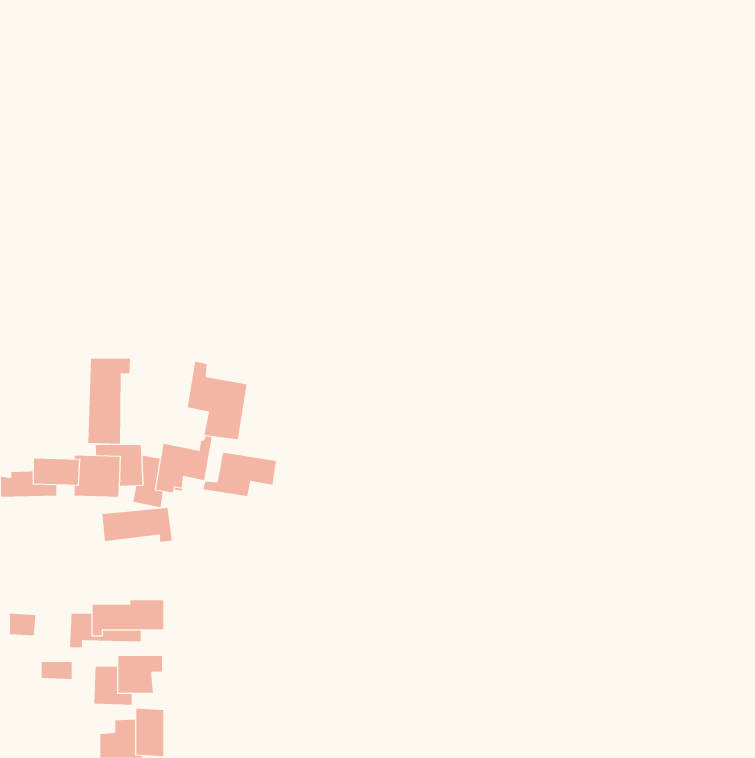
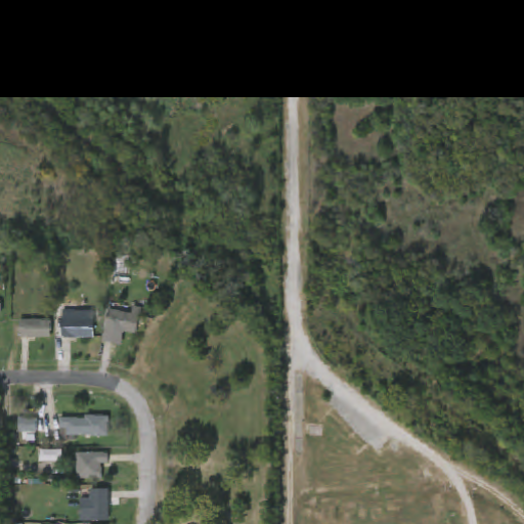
building: [88,358,130,445] -> none
building: [187,361,247,440] -> none
building: [203,452,276,497] -> none
building: [102,507,173,542] -> none

